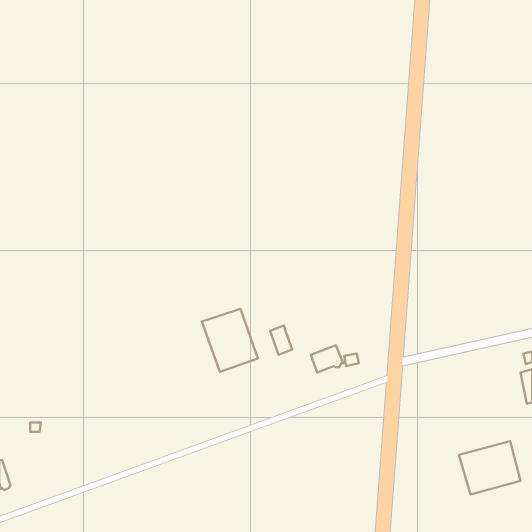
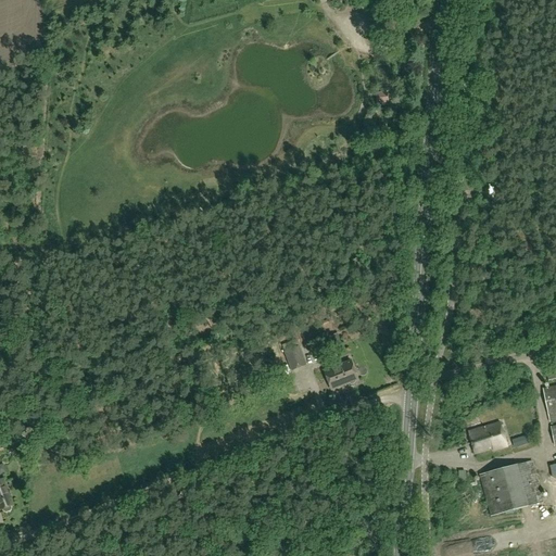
building: [202,309,258,372] -> none
building: none -> [467,421,507,453]

